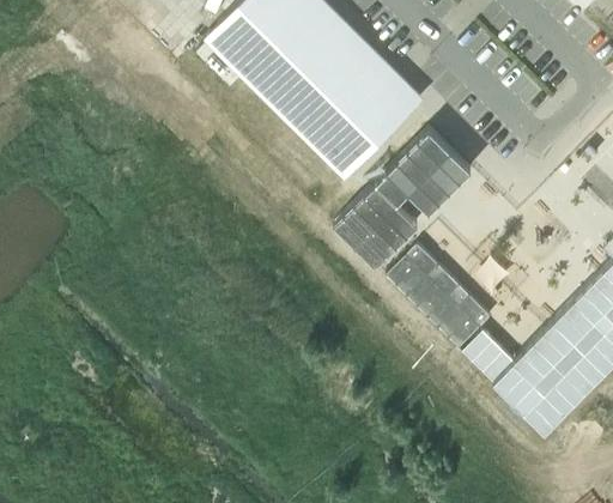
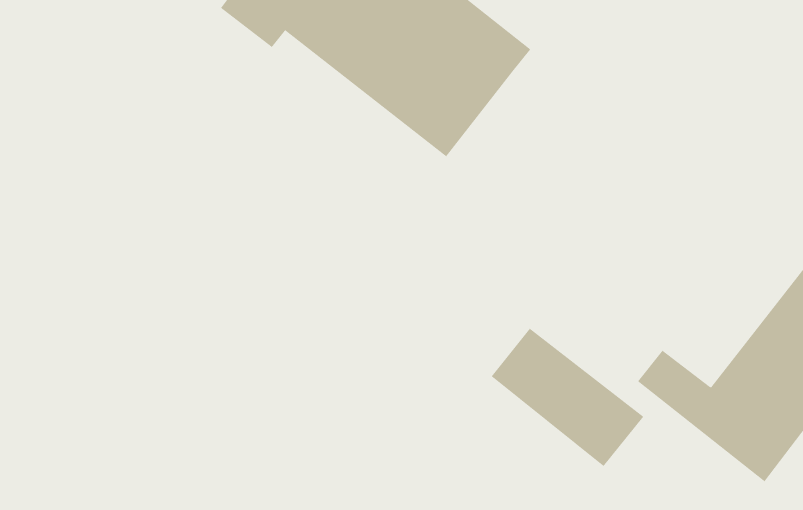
building: [335,129,473,267] -> none
building: [388,246,493,350] -> [491,328,644,467]

